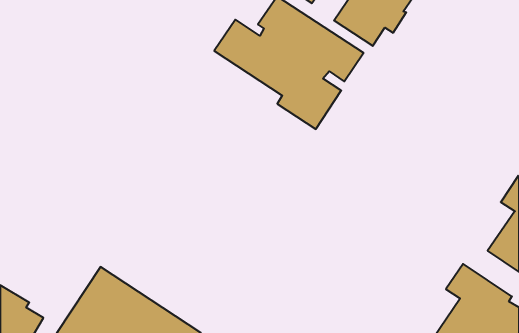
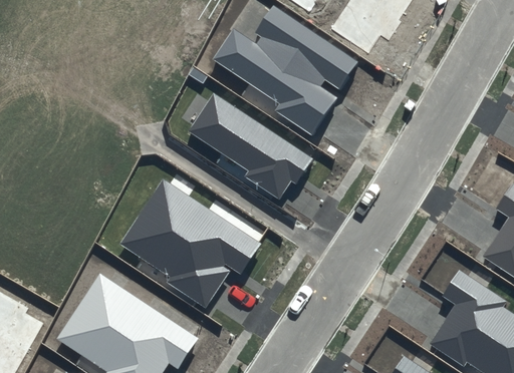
building: none -> [188,92,314,199]
building: none -> [120,179,260,309]

